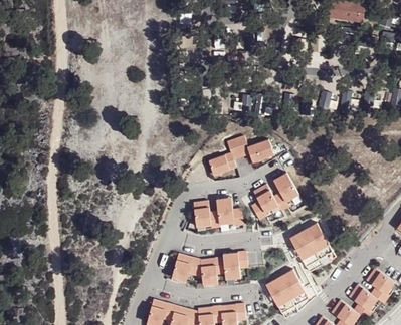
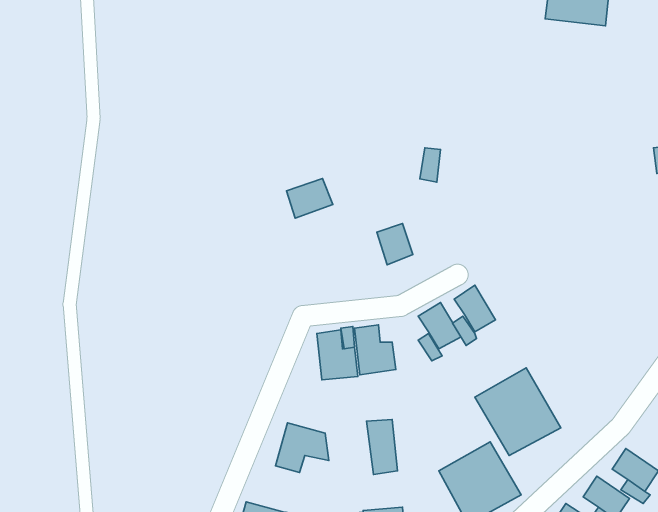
building: [248,139,273,162] -> none
building: [209,152,236,176] -> [286,179,333,218]
building: [200,258,224,286] -> none

